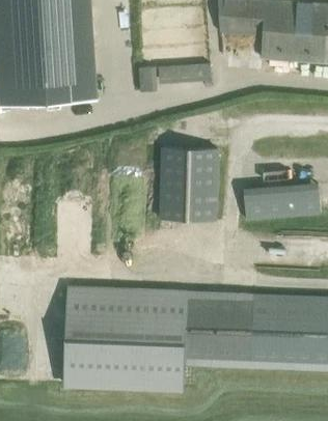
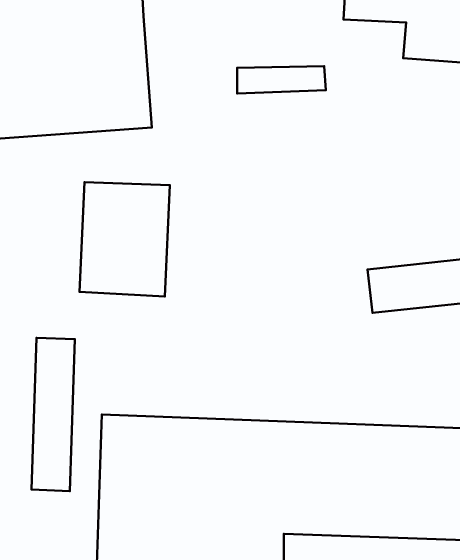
building: [160,146,218,220] -> [80,182,170,297]
building: none -> [31,338,75,491]

